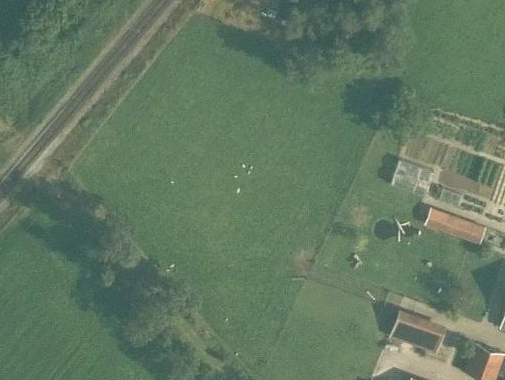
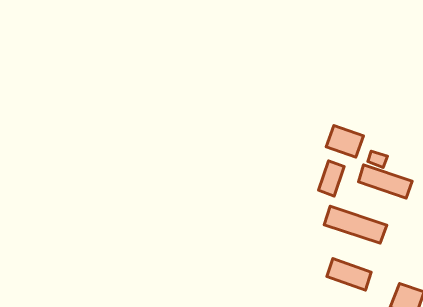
building: none -> [318,161,344,196]
building: none -> [324,206,387,243]

